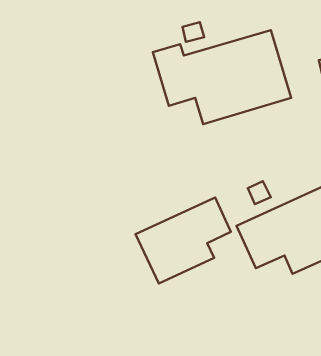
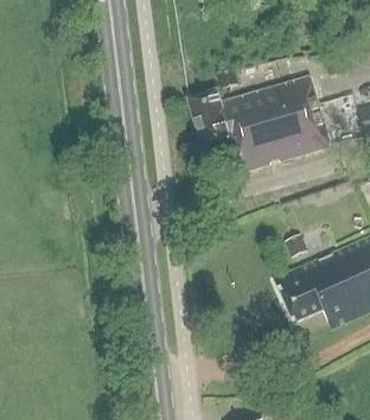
building: [135,198,231,284] -> none

